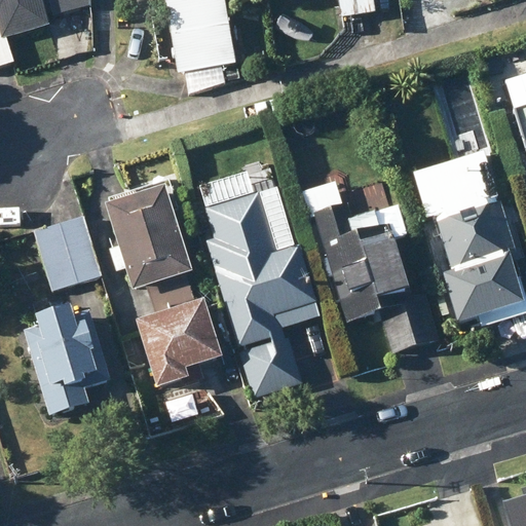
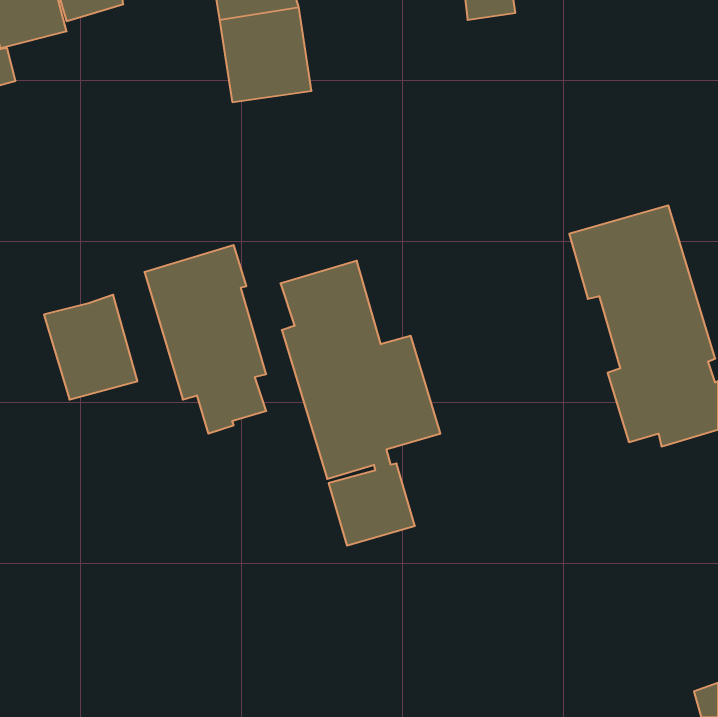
building: [301,180,439,352] -> none
building: [137,298,224,387] -> none
building: [24,306,110,415] -> none

